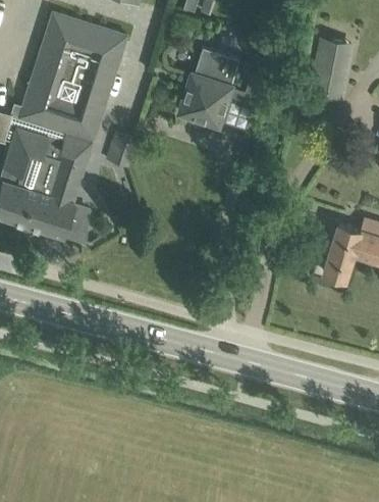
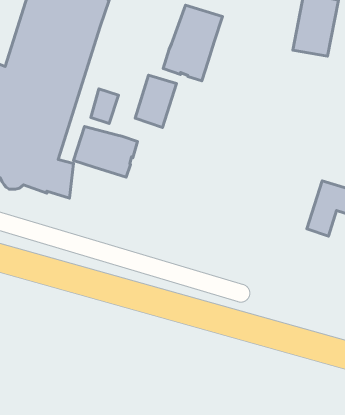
building: none -> [135,75,176,128]
building: none -> [73,127,138,177]

